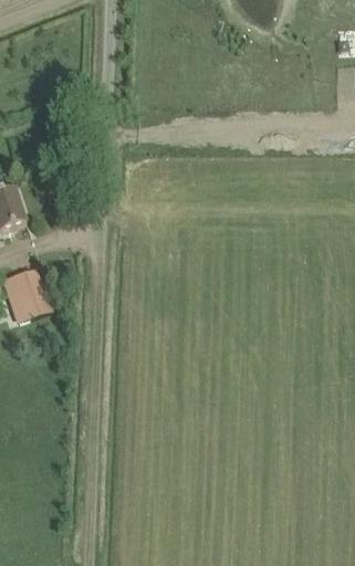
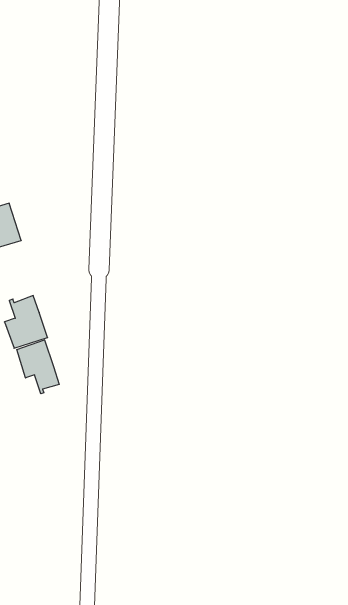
building: none -> [17,340,59,394]

